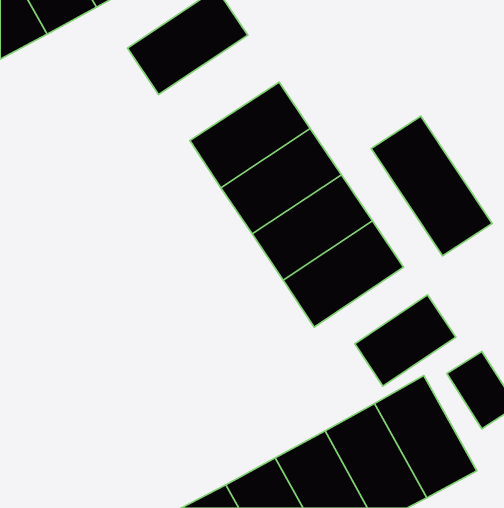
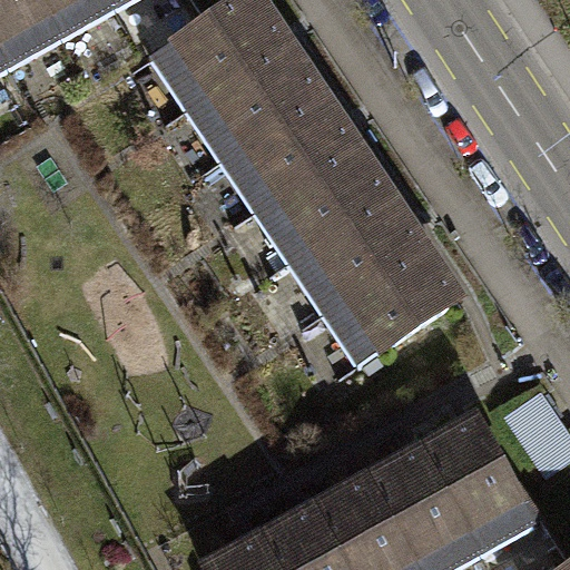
building: none -> [186,39,320,156]
building: [371,116,492,256] -> none
building: [355,295,456,386] -> none

